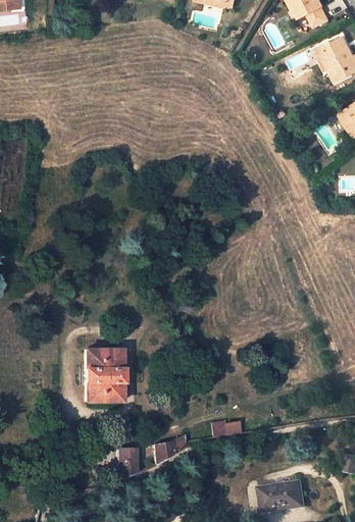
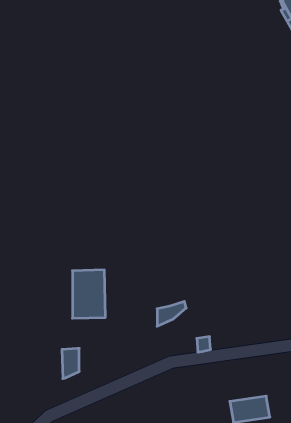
building: [156,434,189,462] -> [157,301,186,326]
building: [118,443,138,477] -> [62,348,79,379]

